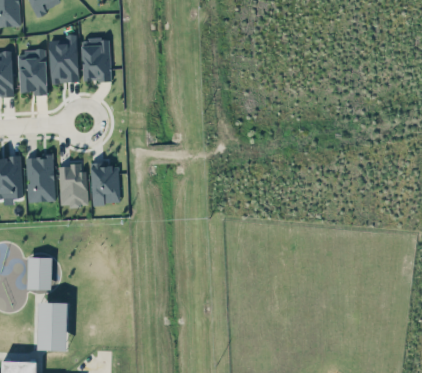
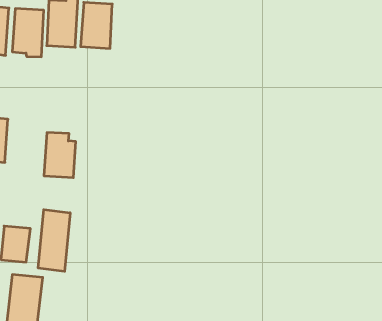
building: [26,156,54,202] -> none
building: [91,162,120,203] -> none
building: none -> [38,210,70,271]

